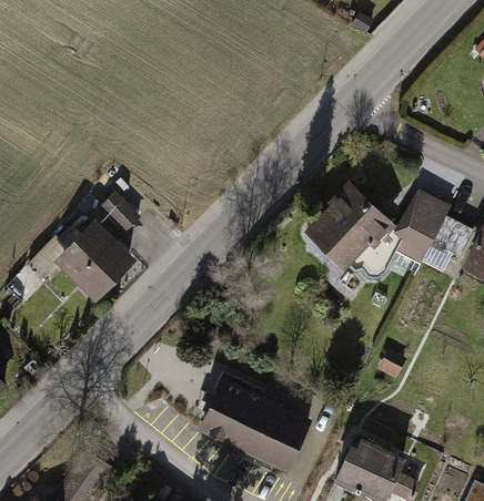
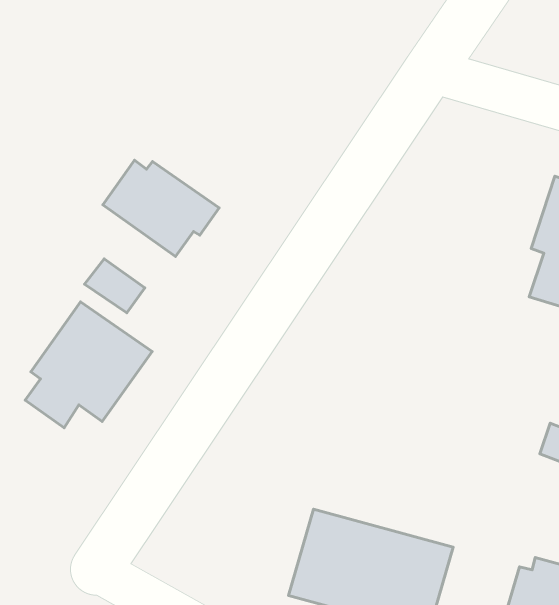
building: none -> [103,160,219,257]
building: [303,183,396,270] -> none

